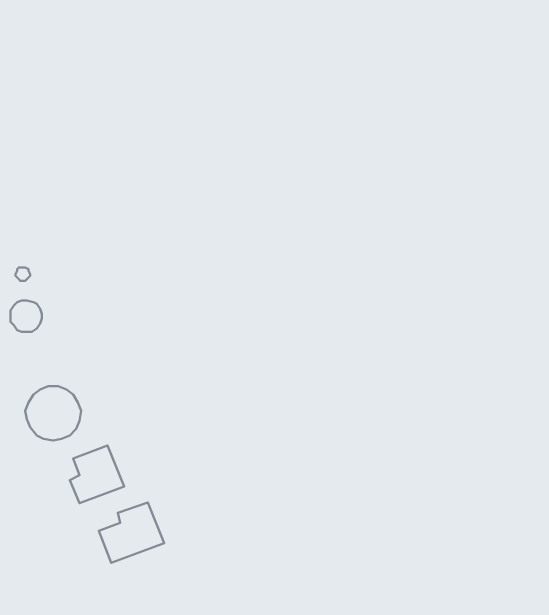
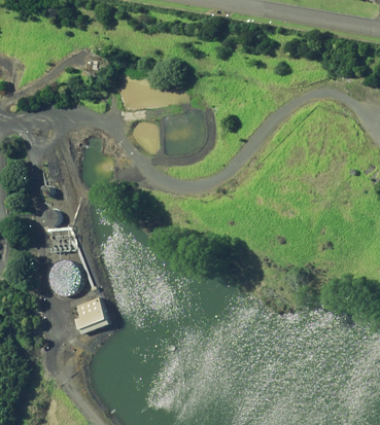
building: [99,502,164,563] -> none

